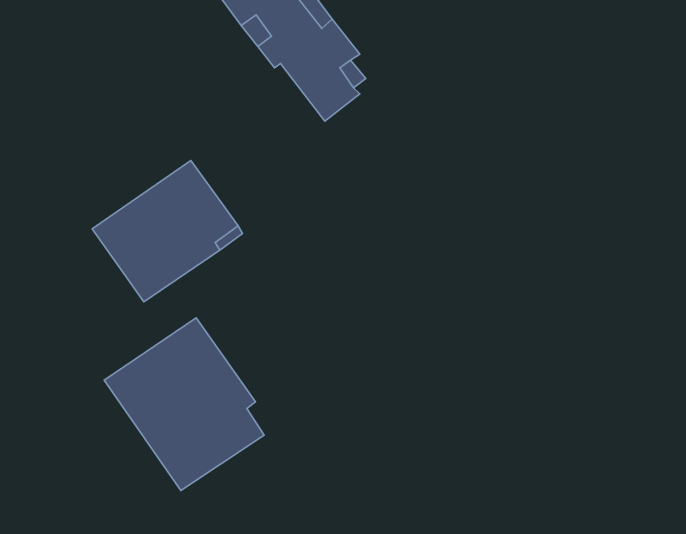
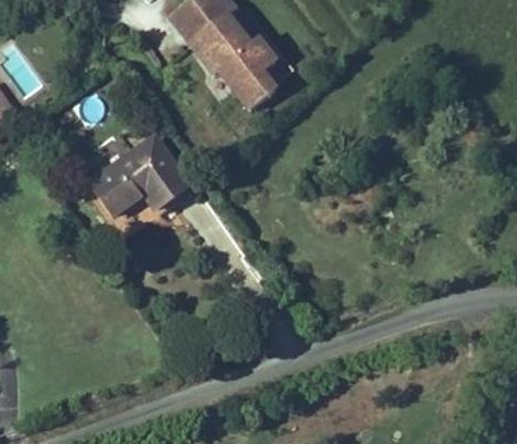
building: [104,318,264,491] -> none

